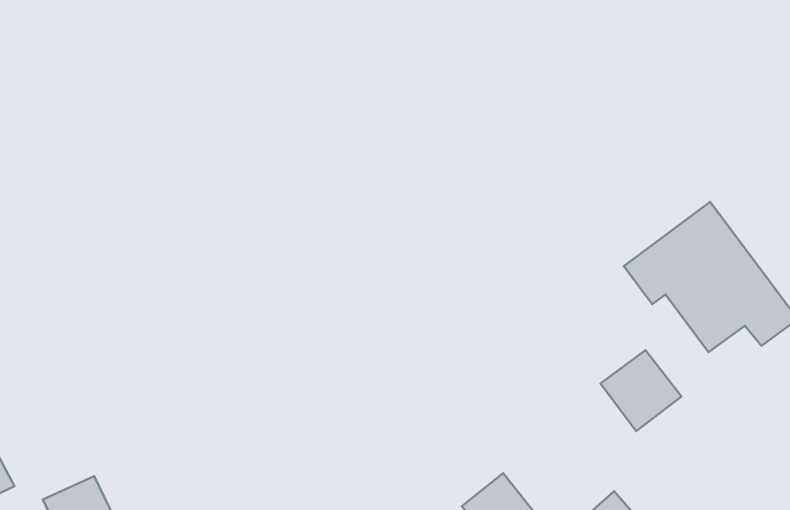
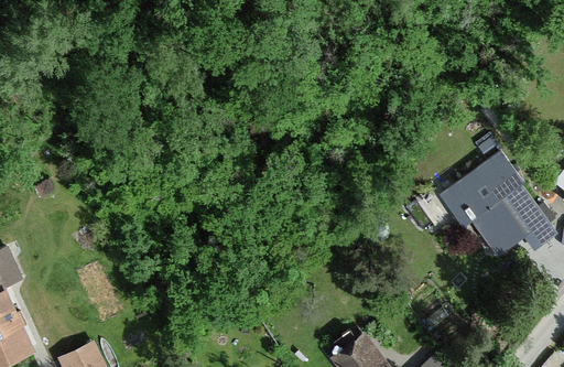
building: [601,350,682,431] -> none

